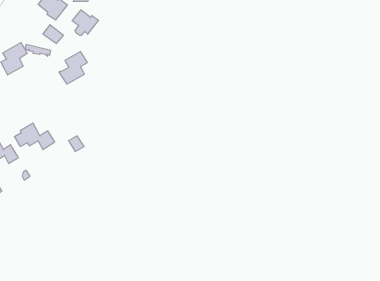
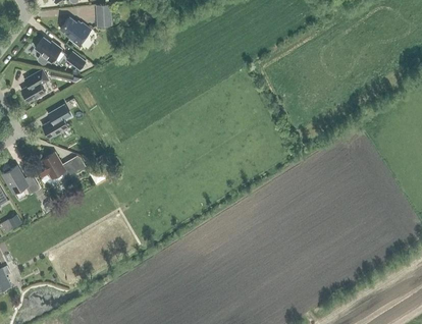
building: [72,10,99,35] -> [35,37,62,63]
building: [59,52,87,84] -> [42,104,71,138]

